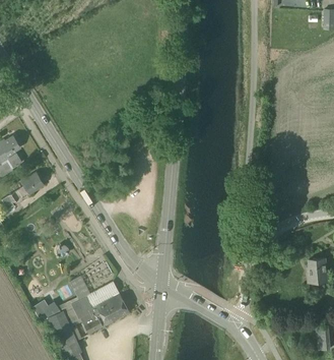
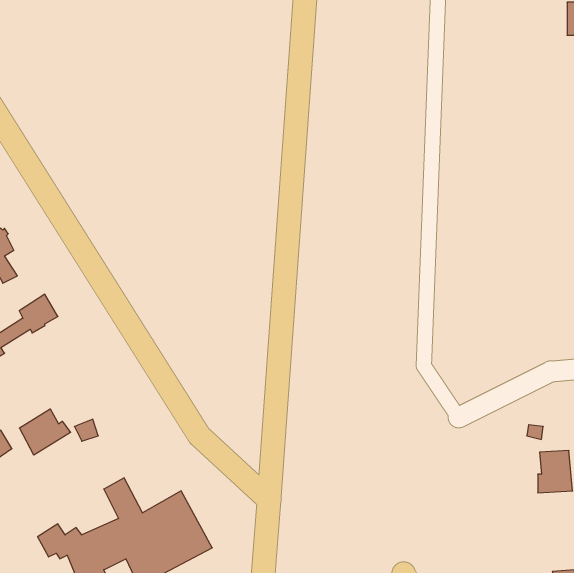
building: none -> [19,409,71,455]

